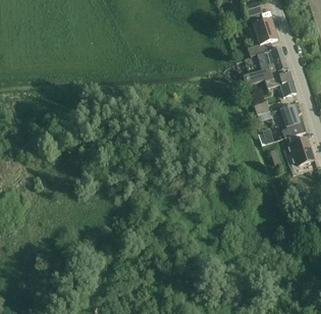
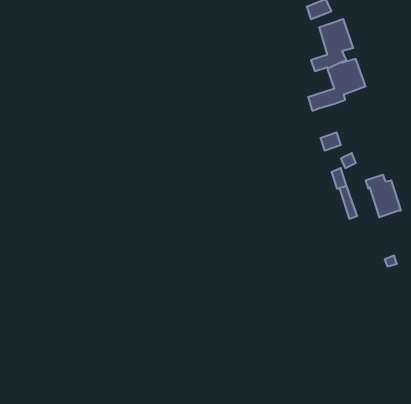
building: [263,70,295,97] -> none
building: [278,103,304,138] -> none

